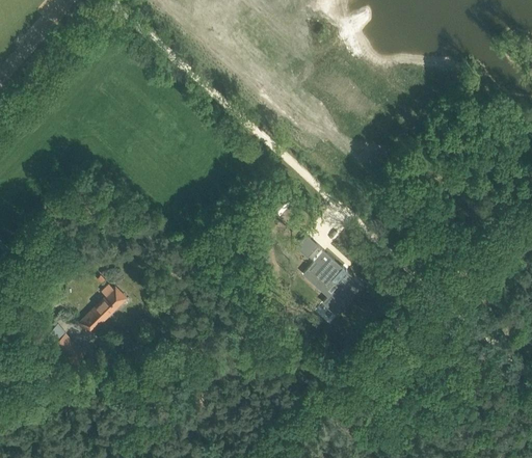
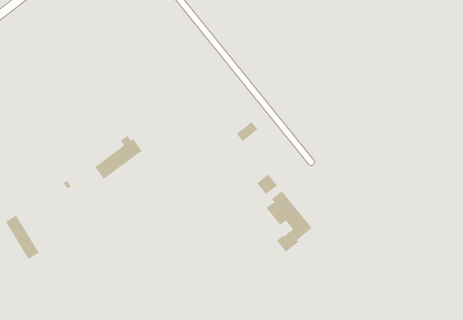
building: [79,286,126,335] -> [94,135,142,180]

